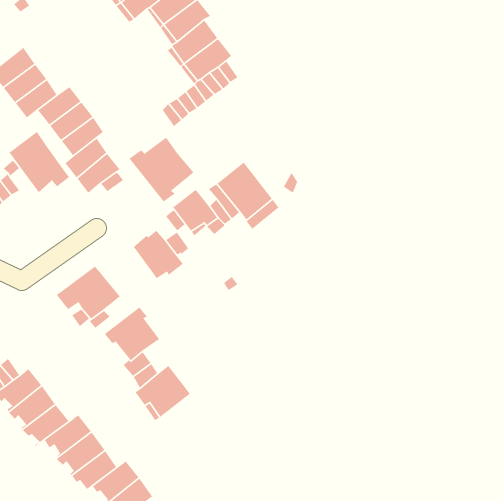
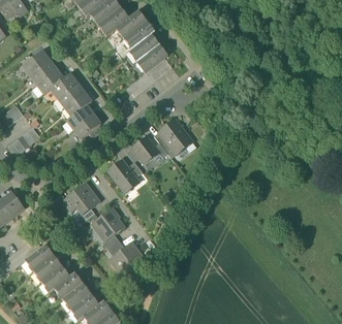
building: [9,131,70,193] -> none
building: [129,137,195,203] -> none

